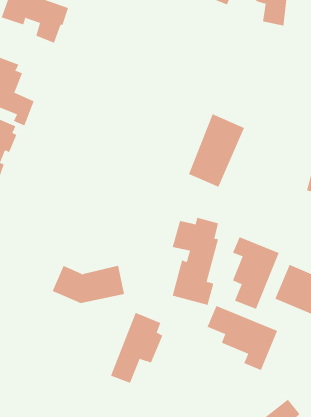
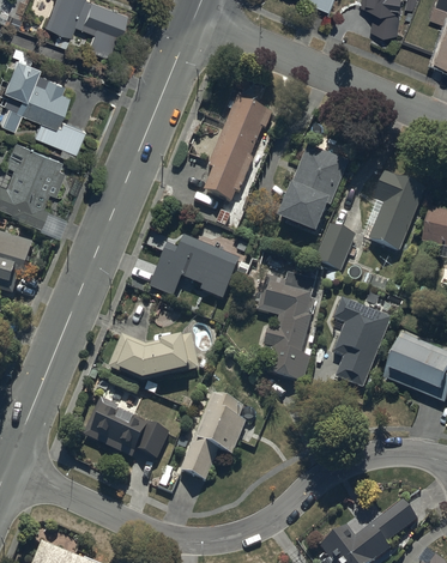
building: none -> [204,97,272,200]
building: none -> [368,172,423,252]
building: none -> [314,224,355,271]
building: none -> [149,236,240,299]
building: [207,305,278,371] -> none
building: none -> [83,396,169,458]

